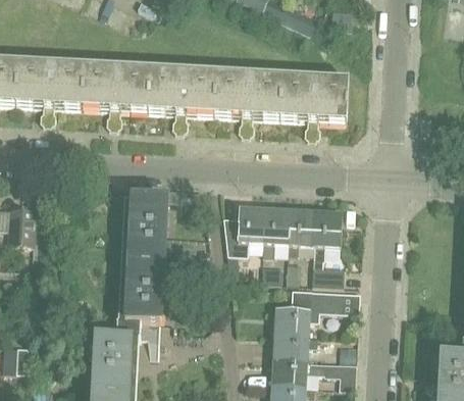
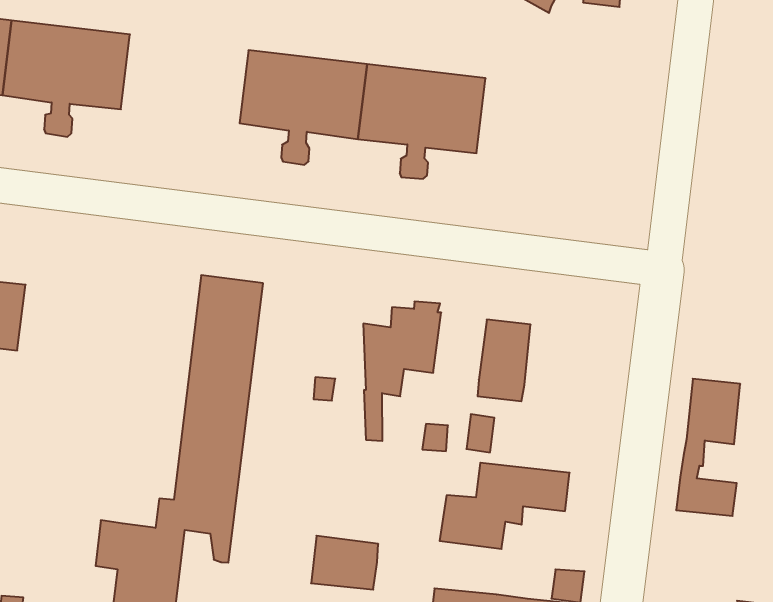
building: [80,63,148,126] -> none
building: [278,73,347,136] -> none
building: [262,205,291,254] -> none
building: [311,208,344,283] -> [676,379,740,516]
building: [272,332,308,359] -> [311,536,378,590]

